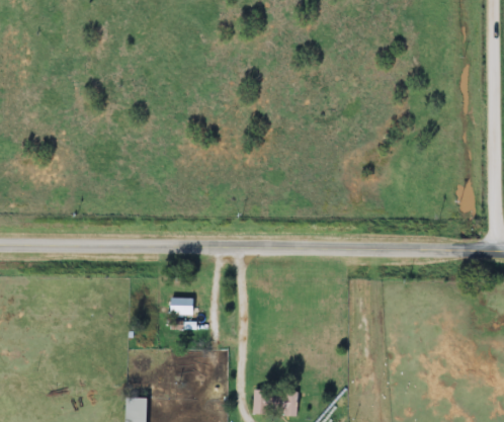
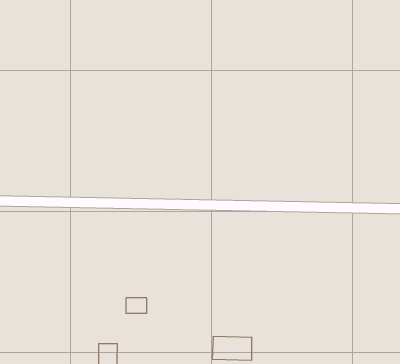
building: [170,298,193,315] -> [126,298,147,313]

